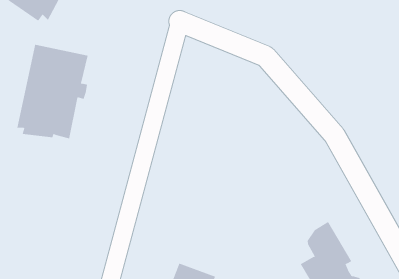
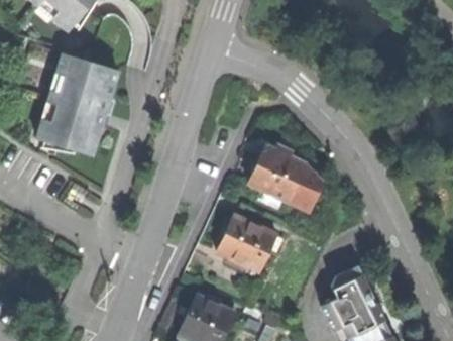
building: none -> [247,143,310,207]
building: none -> [217,204,276,270]

